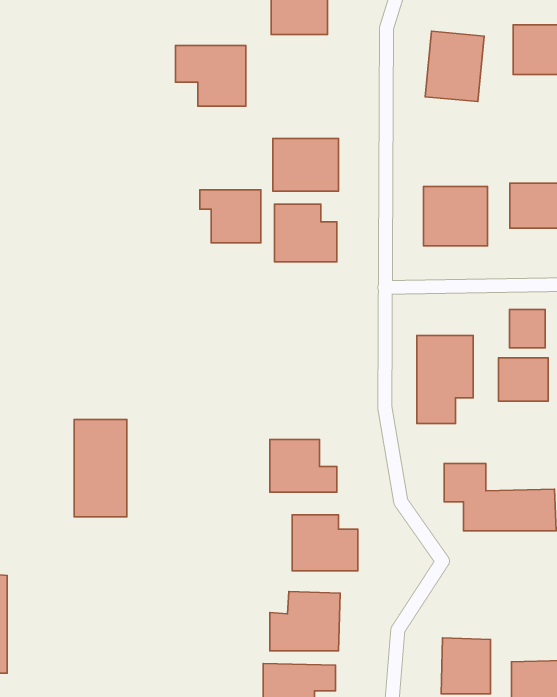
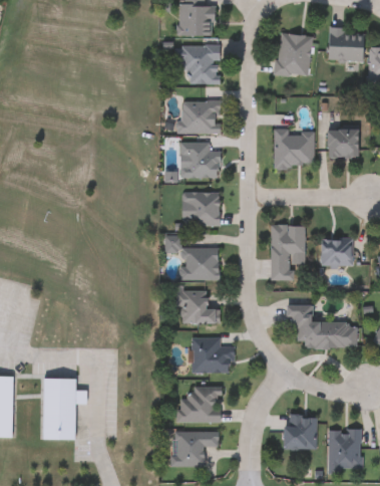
building: [176,45,246,106] -> [175,45,220,83]
building: [200,190,261,243] -> [181,192,220,225]
building: [510,309,545,348] -> none
building: none -> [169,240,219,279]
building: [74,419,127,517] -> [43,377,76,438]

